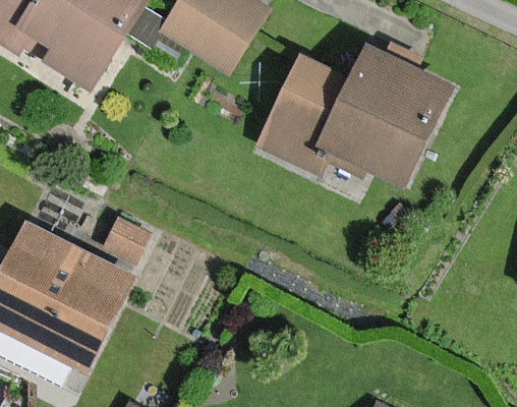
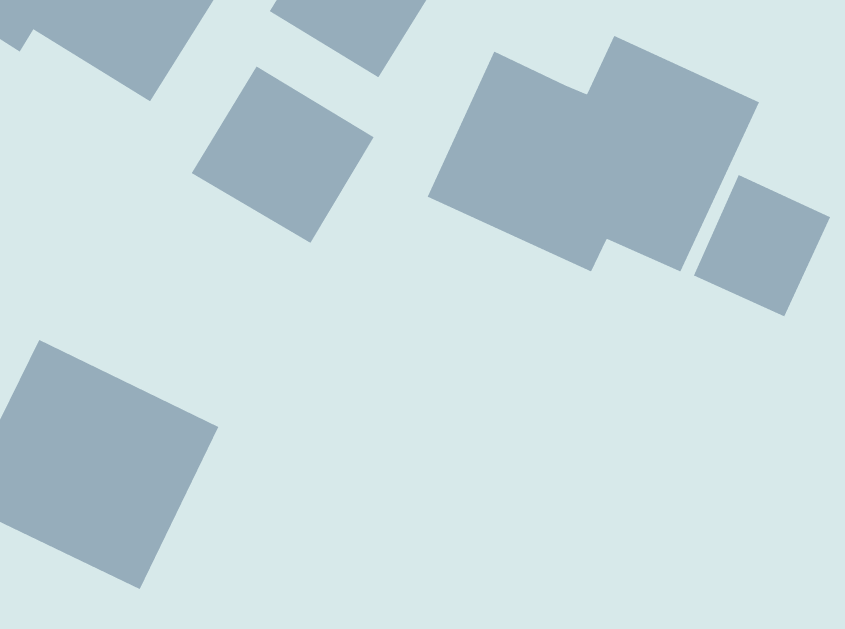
building: none -> [191,66,374,244]
building: none -> [693,174,831,317]

